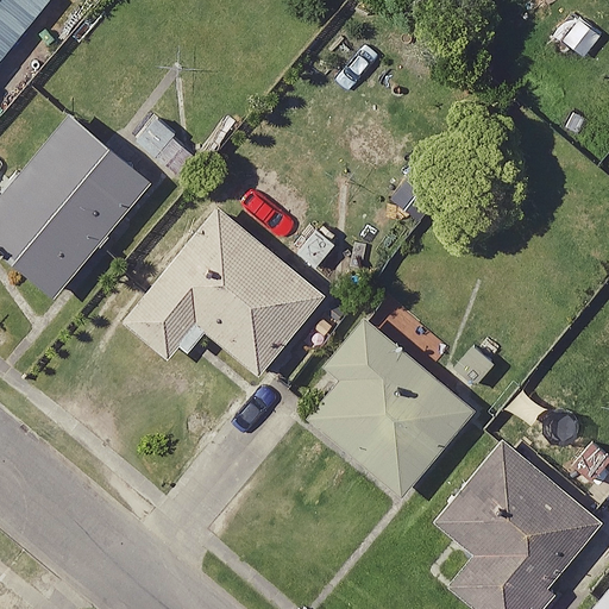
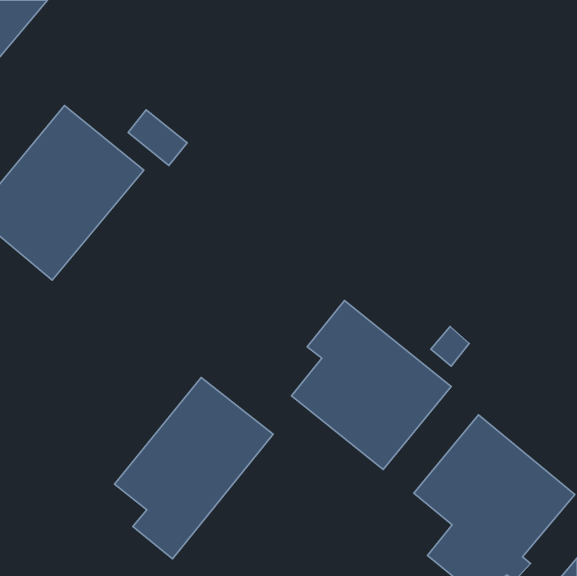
building: [120,208,325,376] -> none
building: none -> [115,377,273,559]

